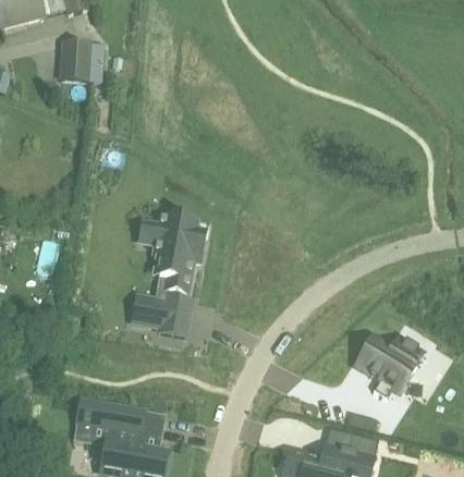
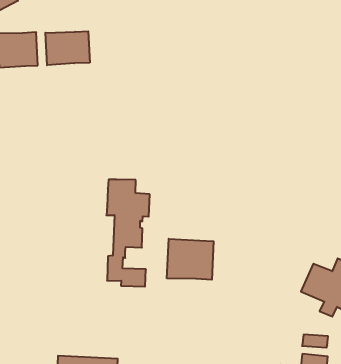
building: none -> [45,31,90,65]
building: none -> [167,239,214,280]

